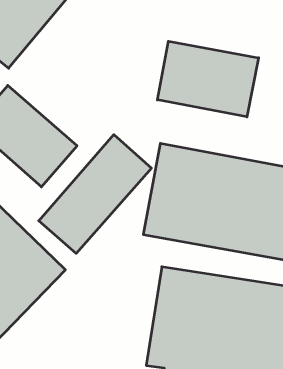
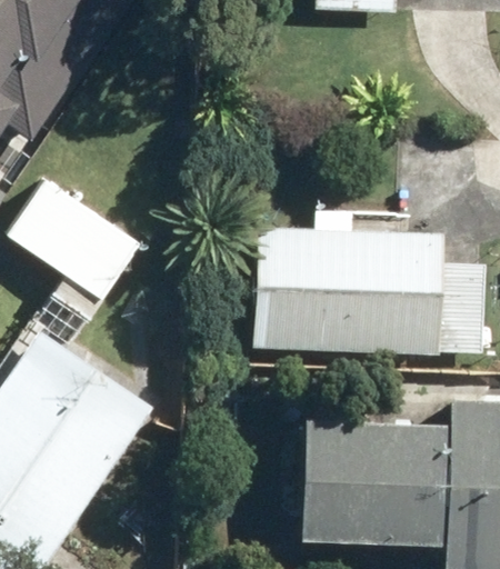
building: [157,41,259,117] -> none
building: [39,135,151,253] -> none

